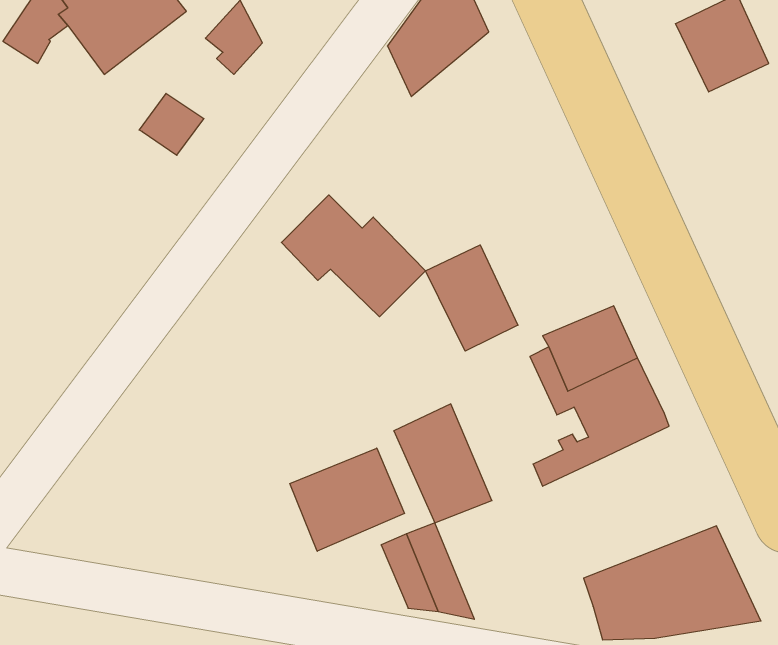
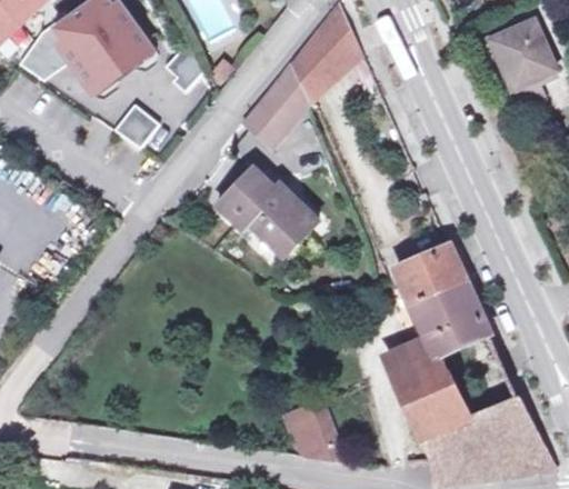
building: none -> [243,63,308,143]
building: [425,245,518,351] -> none
building: [394,404,492,523] -> [400,353,469,437]
building: [290,448,404,551] -> none

